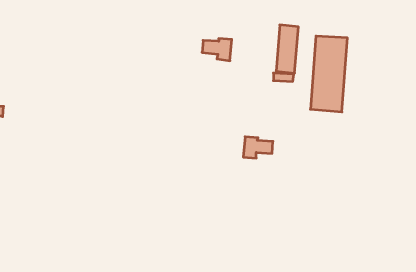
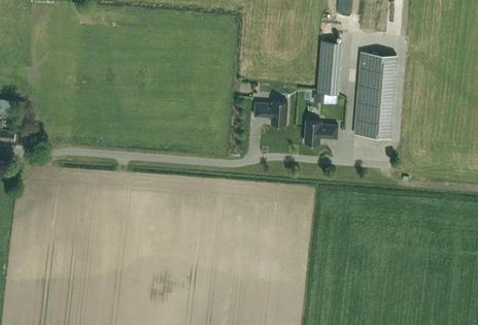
building: [202,39,232,61] -> [253,101,286,126]
building: [243,137,273,158] -> [304,121,337,144]

